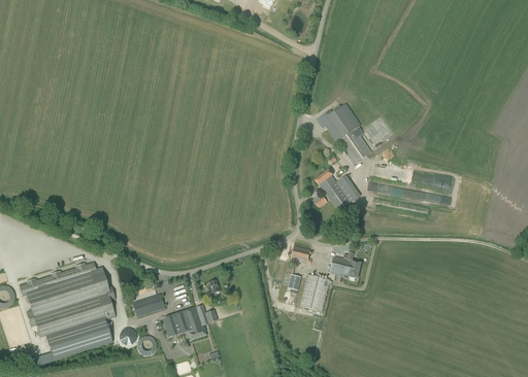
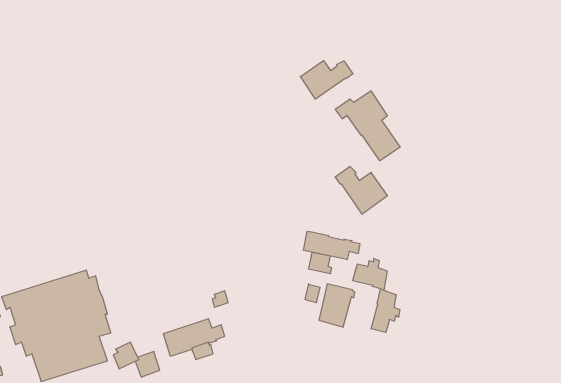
building: none -> [300,61,353,99]
building: none -> [304,231,360,260]
building: none -> [371,289,400,332]
building: [132,293,165,316] -> none

